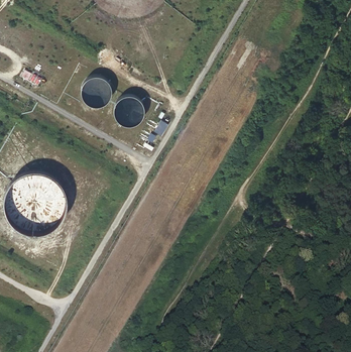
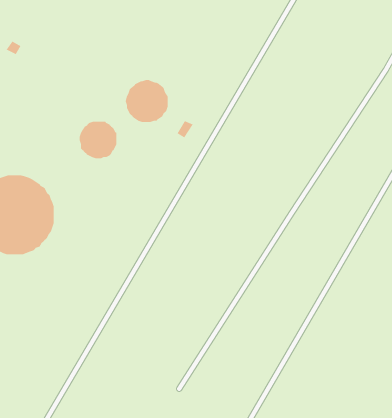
building: [82,79,111,108] -> [79,121,117,159]

